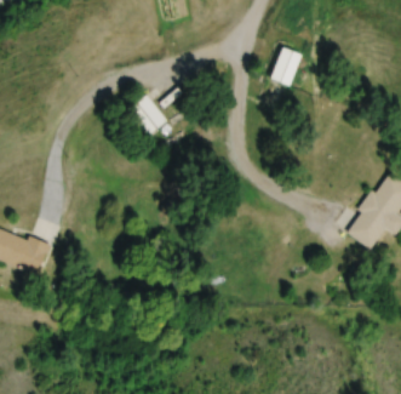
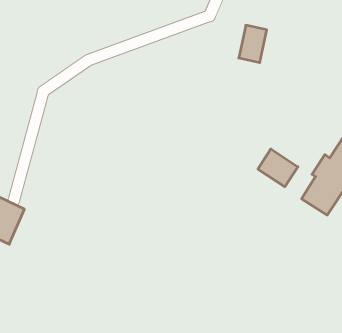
building: [130,99,171,142] -> none
building: none -> [258,149,298,187]

